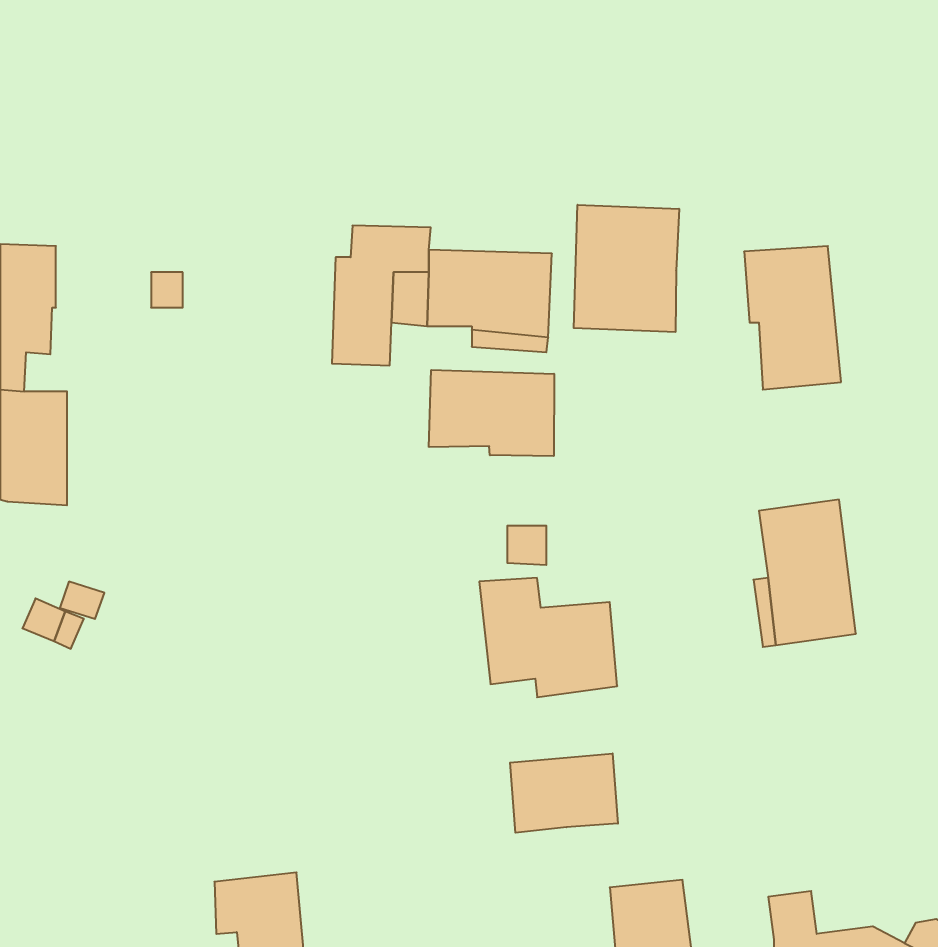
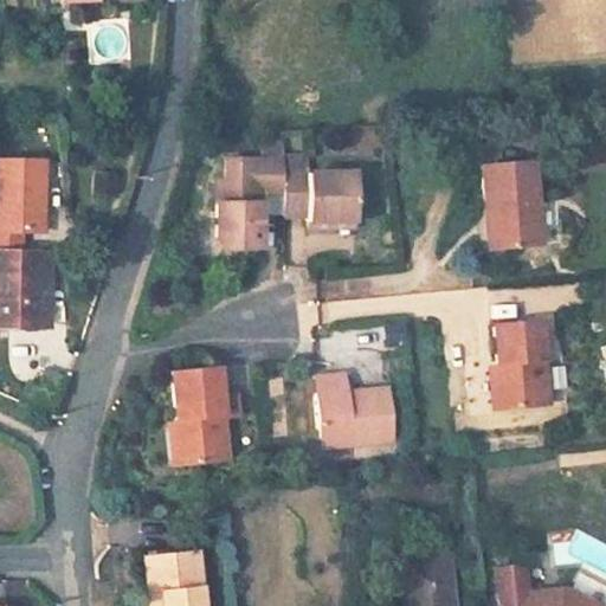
building: [574,205,679,332] -> none
building: [429,370,554,456] -> none
building: none -> [178,374,233,470]
building: [510,753,618,833] -> none

